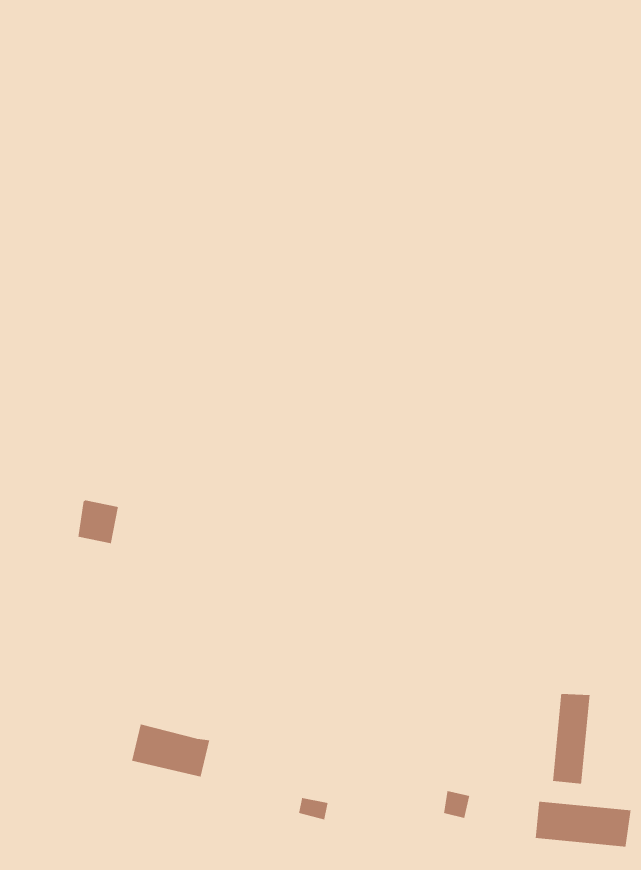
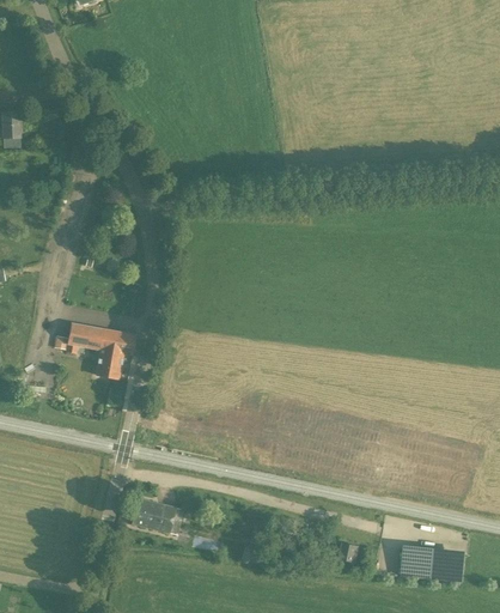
building: none -> [65,323,134,356]
building: [552,693,591,784] -> none

